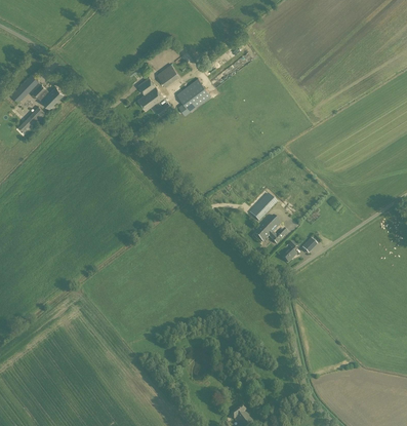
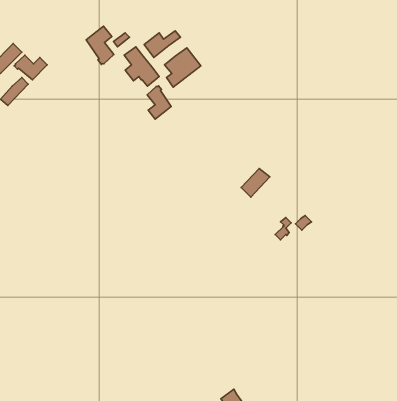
building: none -> [86,26,114,64]
building: none -> [147,86,171,119]
building: [254,215,284,243] -> none

